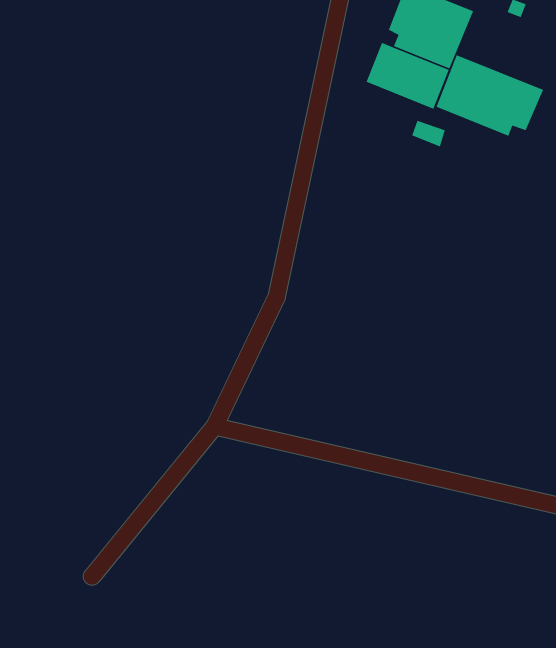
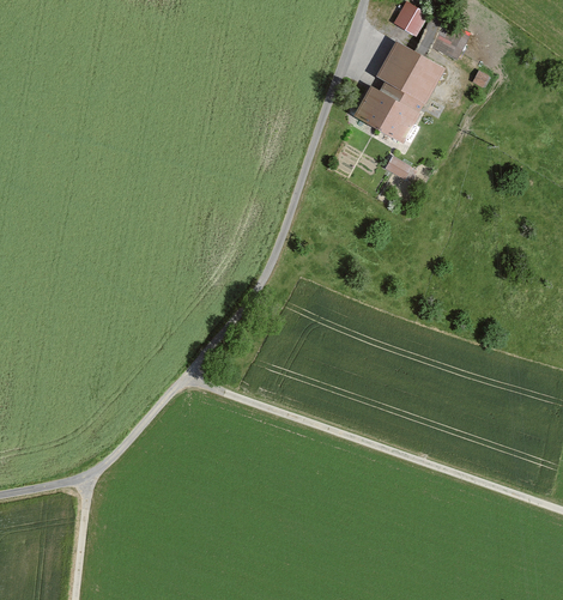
building: [435,54,544,137] -> none

